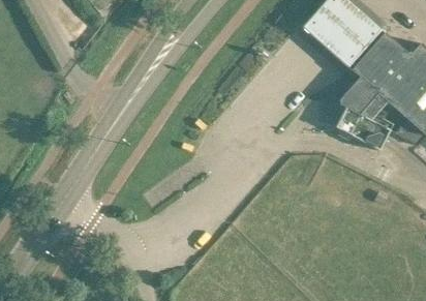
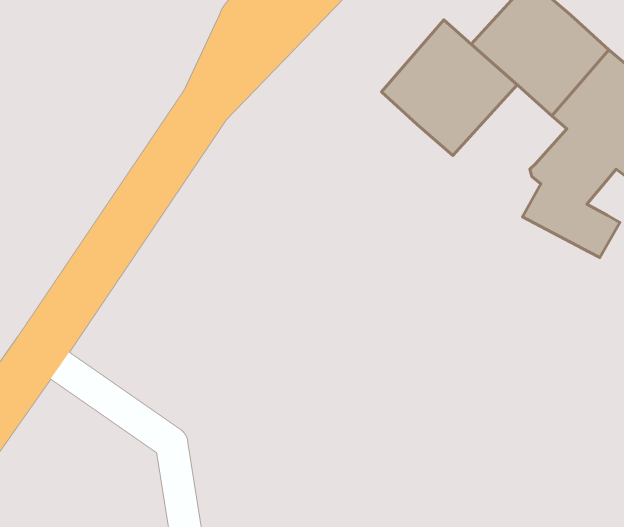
building: none -> [381,20,517,156]

